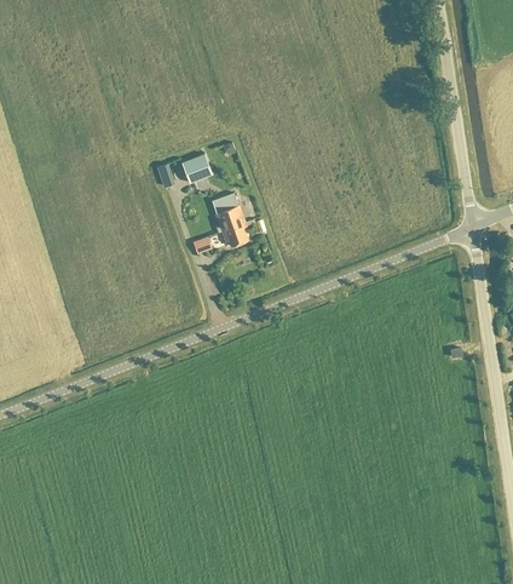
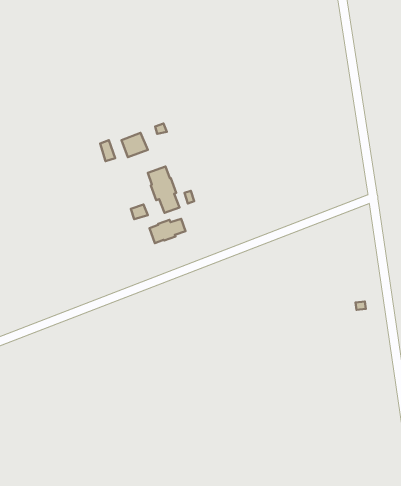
building: none -> [149,219,186,243]

